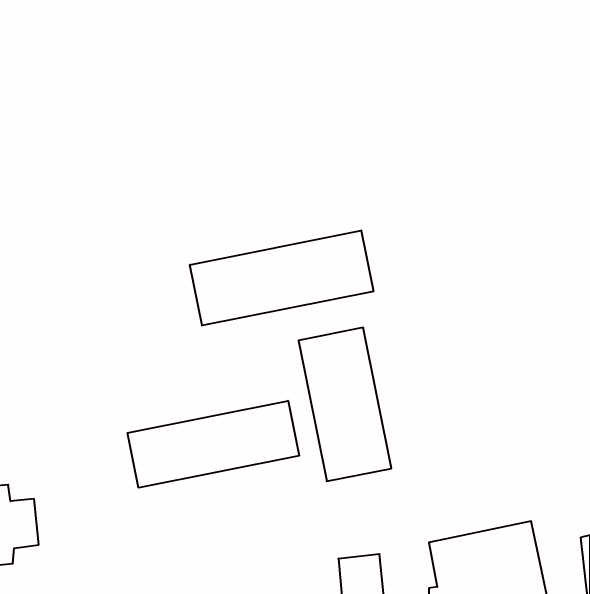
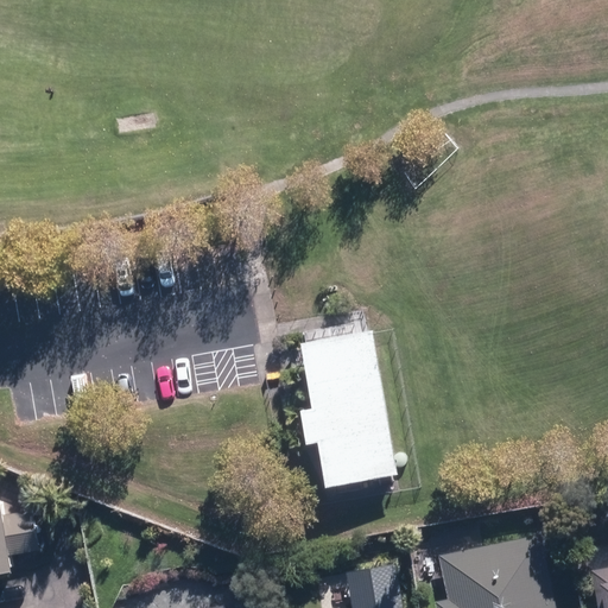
building: [190,230,373,326] -> none
building: [128,401,299,488] -> none

